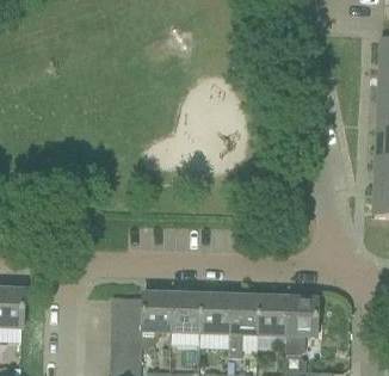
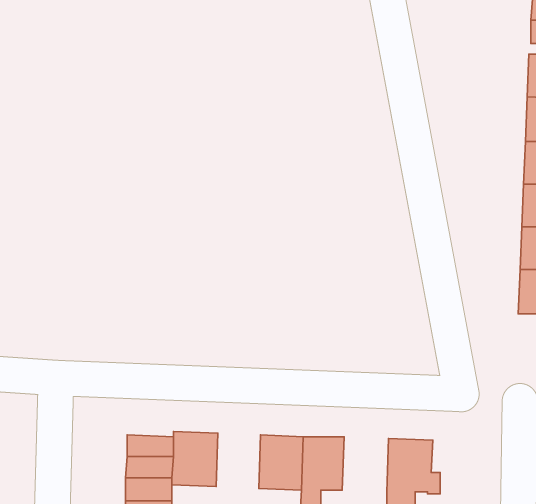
building: [171,296,200,333] -> none
building: [255,298,286,335] -> none

